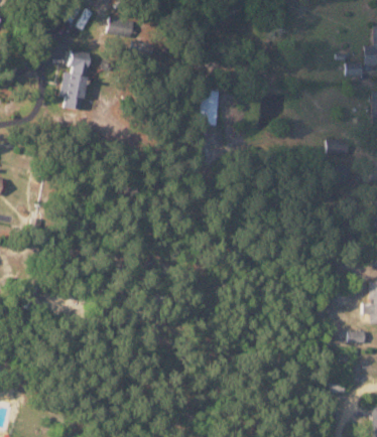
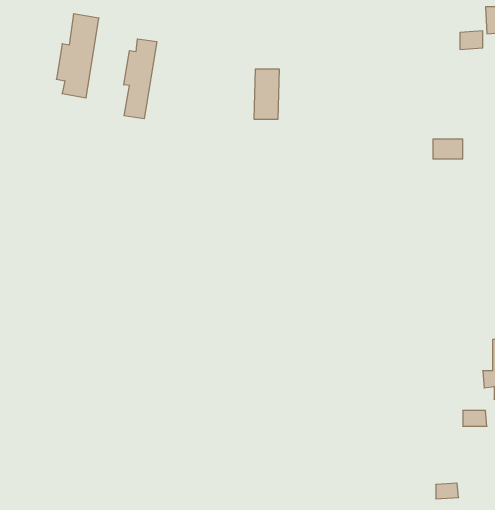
building: none -> [124,39,157,119]

